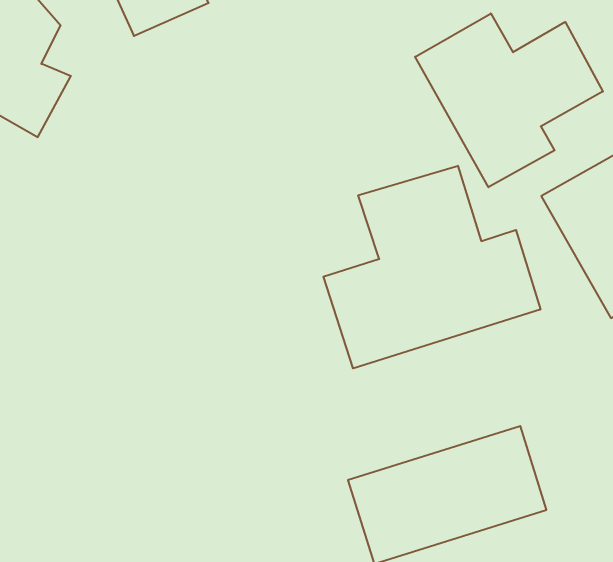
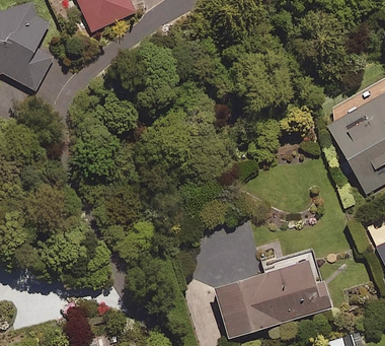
building: [415,13,603,187] -> none
building: [323,166,540,368] -> none

